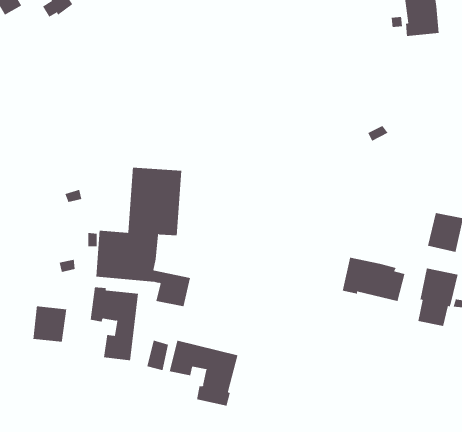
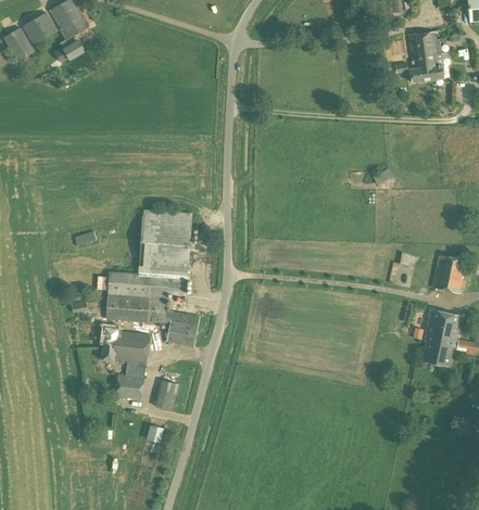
building: [342,257,405,302] -> none
building: [33,306,67,342] -> none
building: [169,340,238,407] -> none

